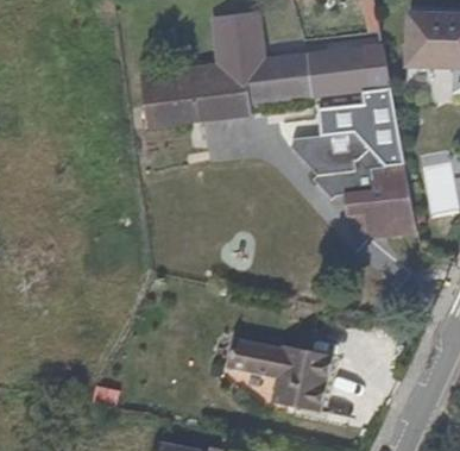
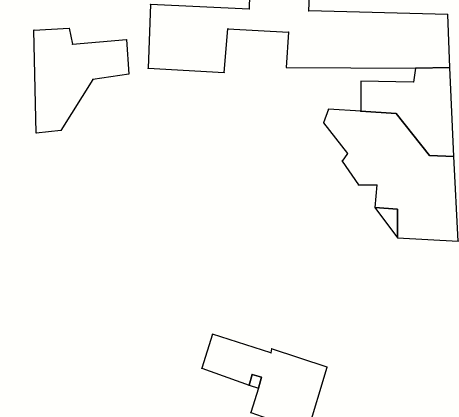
building: [200,76,253,118] -> none
building: none -> [34,28,129,133]

